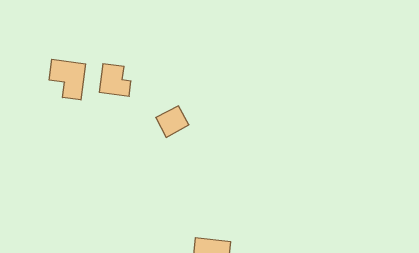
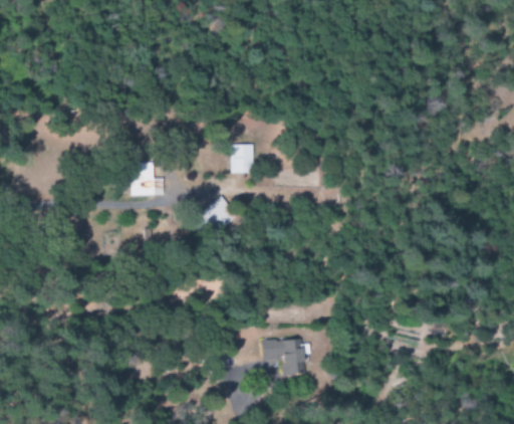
building: [49,59,86,100] -> none
building: none -> [229,144,252,173]

